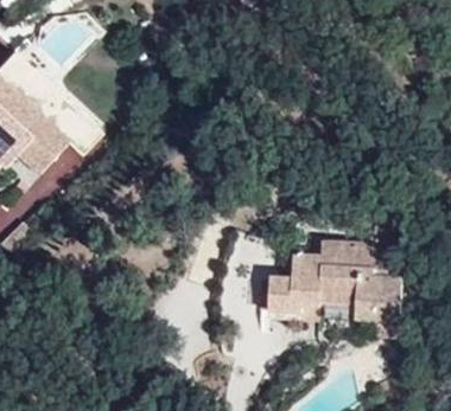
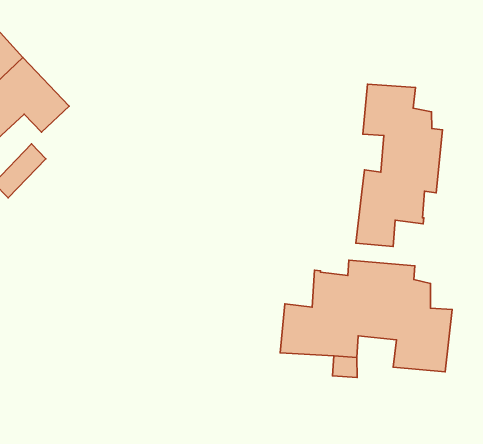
building: none -> [356,84,442,247]

